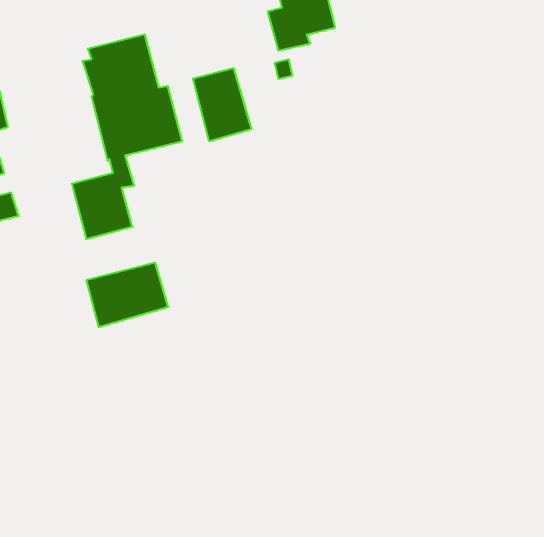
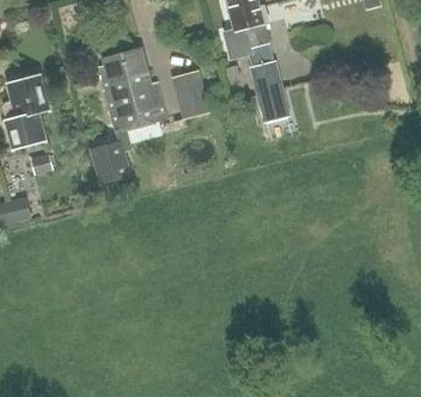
building: none -> [250,59,291,121]
building: [87,262,168,327] -> none

